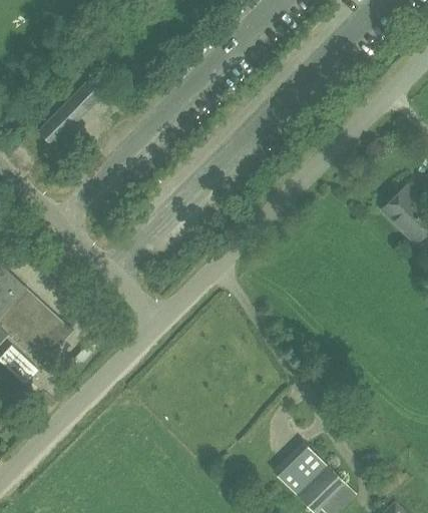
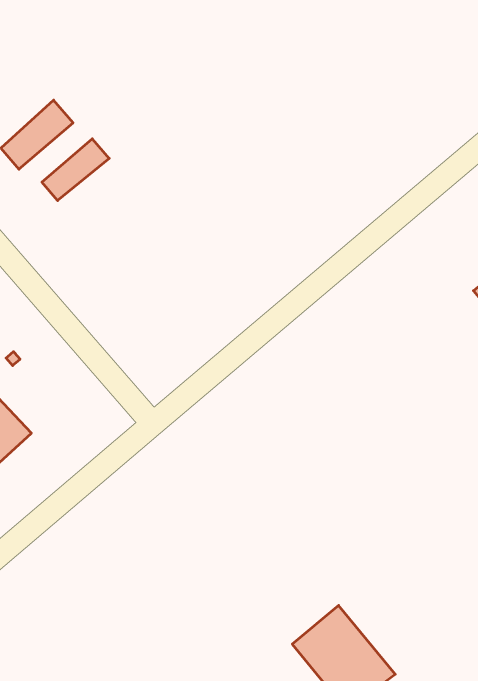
building: none -> [42,139,109,201]

